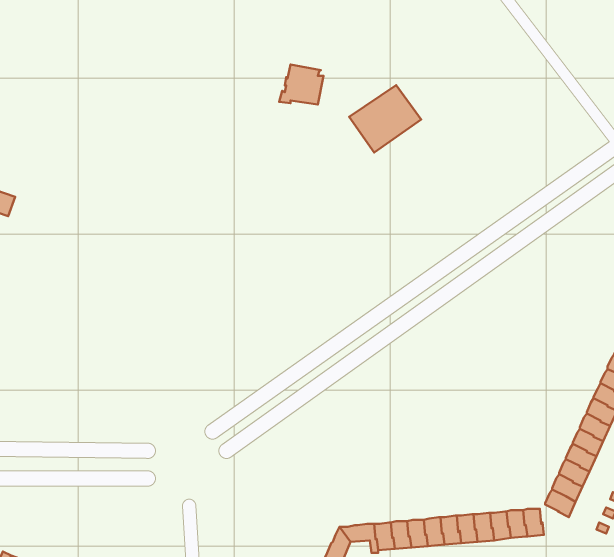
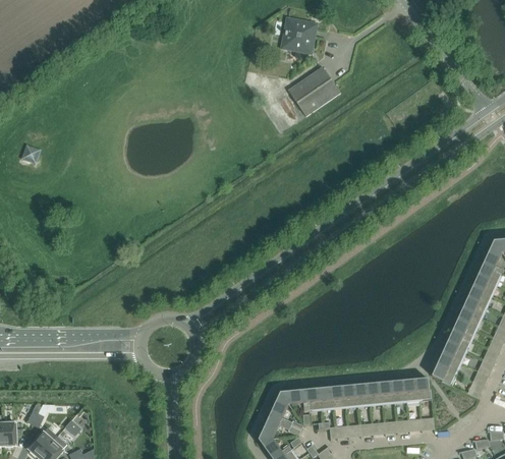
building: [279,65,323,105] -> [280,20,313,50]

